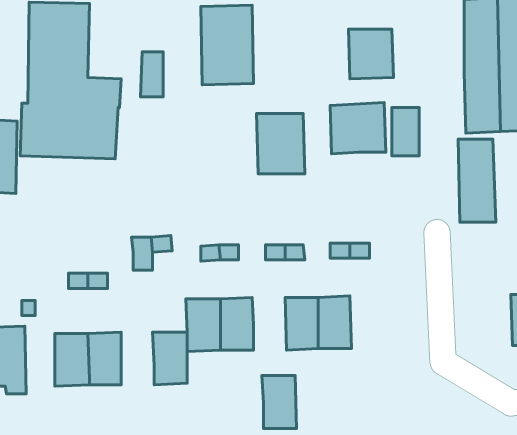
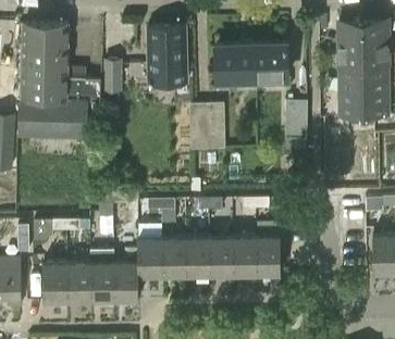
building: [330,103,386,154] -> [215,45,256,81]
building: none -> [256,237,281,275]
building: none -> [90,251,114,301]
building: [262,376,297,428] -> [185,238,210,276]

